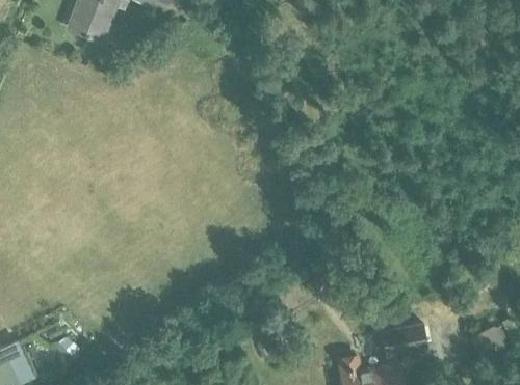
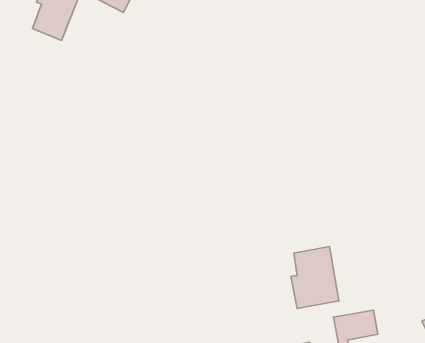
building: none -> [291,246,339,308]

